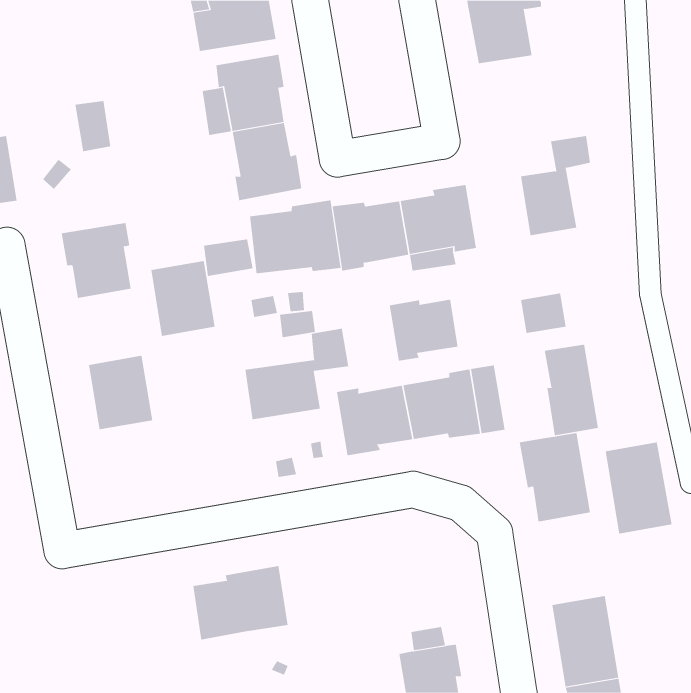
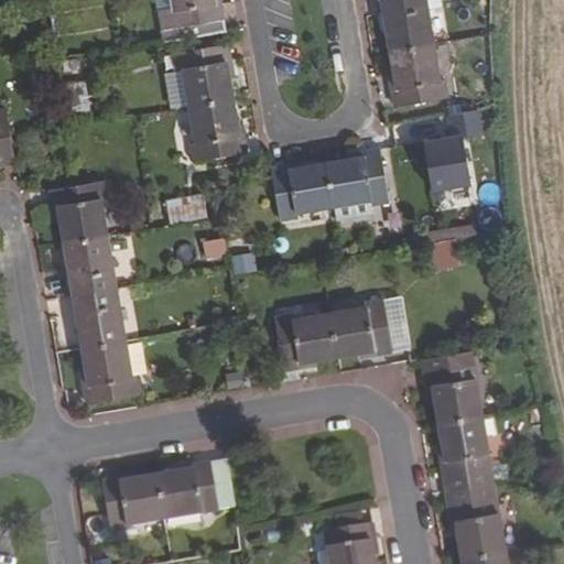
building: none -> [389,45,447,107]
building: [250,199,341,274] -> none
building: [150,260,216,336] -> [63,235,116,296]
building: [389,299,458,361] -> none
building: [245,328,349,420] -> none
building: [544,344,599,436] -> none
building: none -> [80,341,138,404]
building: [605,442,673,534] -> [437,416,492,491]
building: none -> [100,476,163,530]

